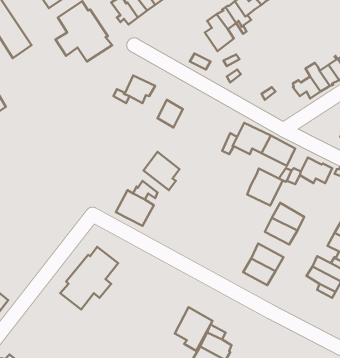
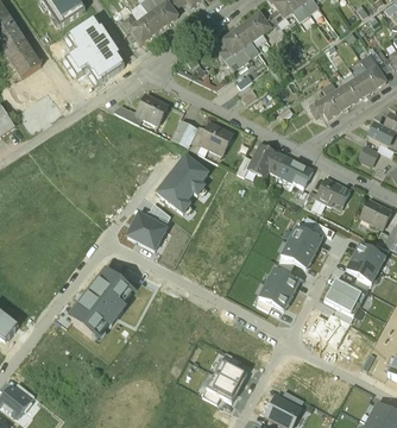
building: none -> [191,122,232,155]
building: none -> [170,153,208,194]
building: [247,169,283,206] -> none
building: [175,307,213,351] -> none

